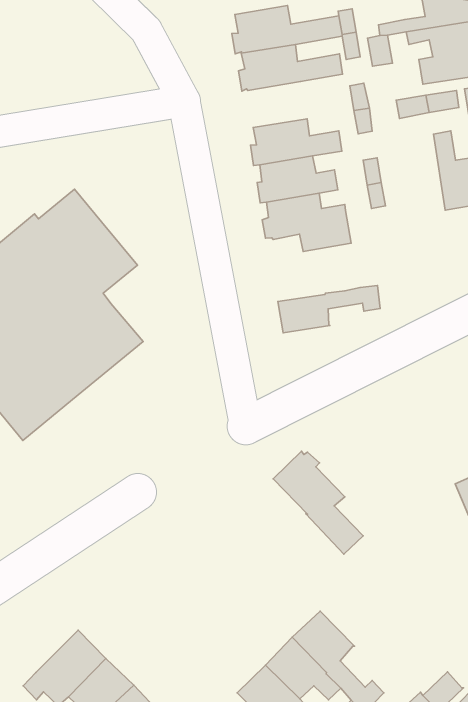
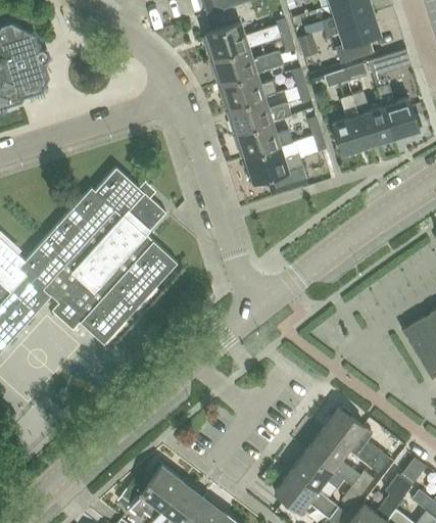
building: none -> [222,74,278,110]
building: none -> [332,96,368,154]
building: [278,286,380,333] -> none
building: [273,451,363,554] -> [323,408,389,473]

